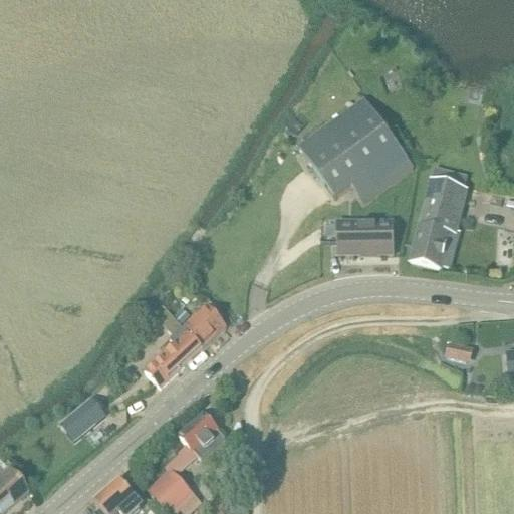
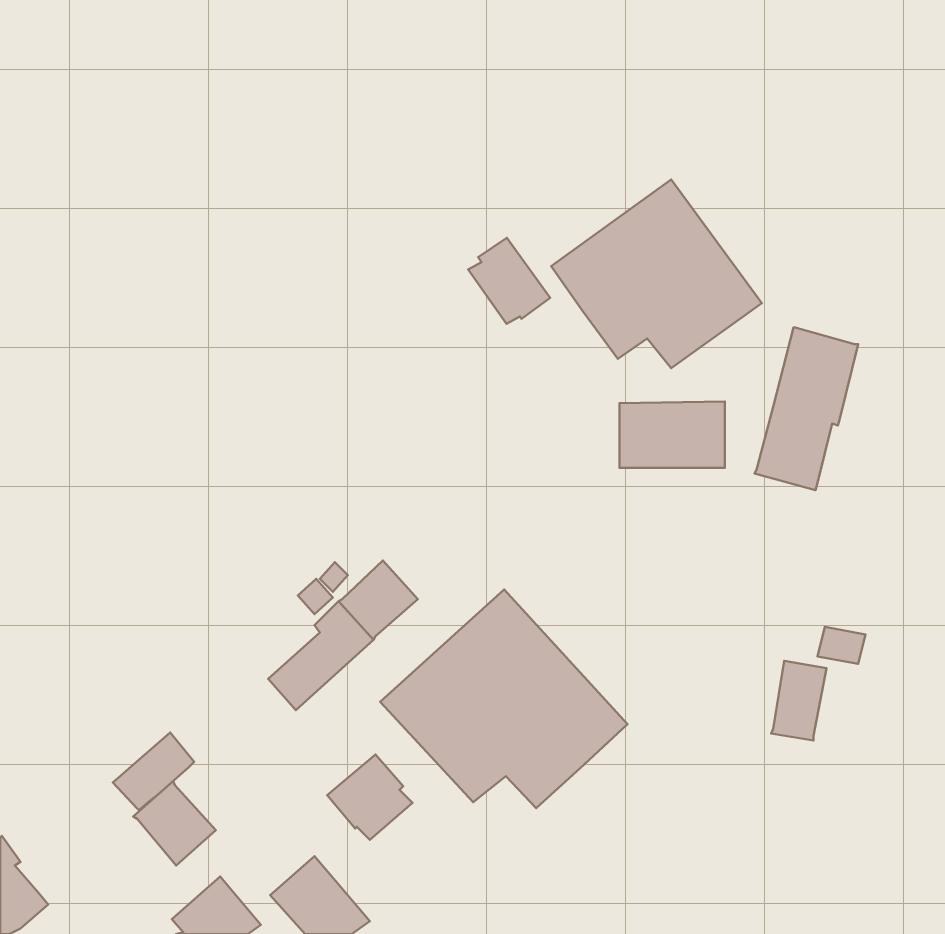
building: none -> [468,238,550,324]
building: none -> [380,589,628,808]
building: none -> [771,661,827,741]
building: none -> [133,781,216,865]

